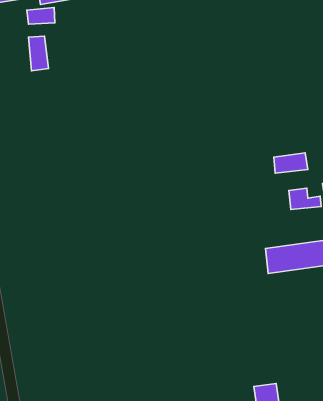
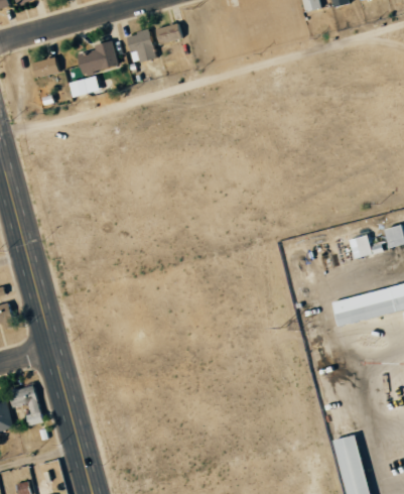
building: [28,36,48,71] -> none
building: [274,153,308,173] -> none

